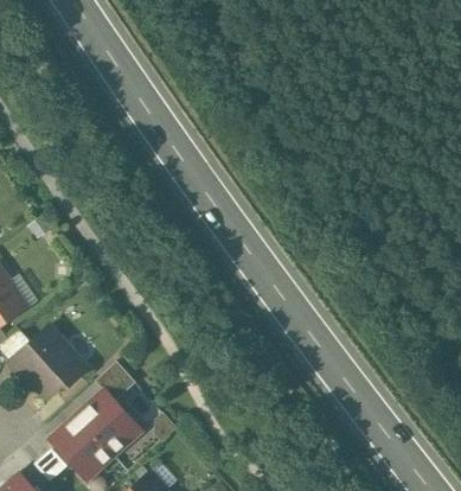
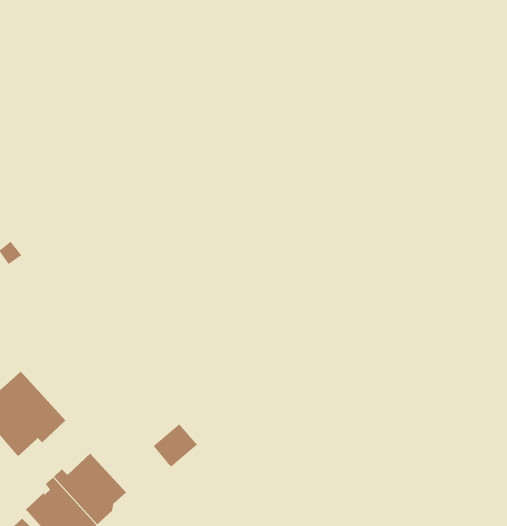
building: [94,364,132,401] -> [153,423,198,467]

